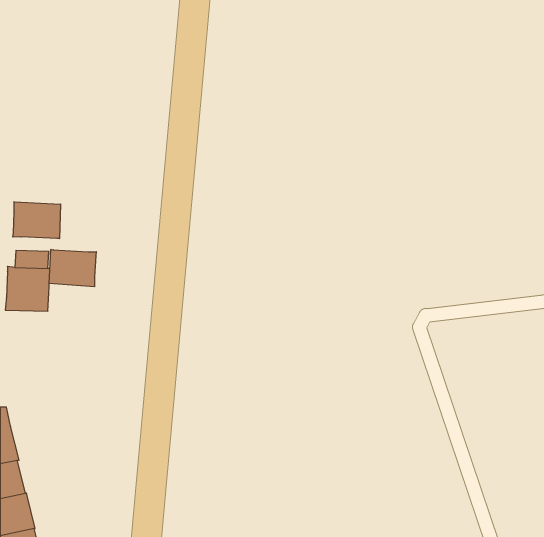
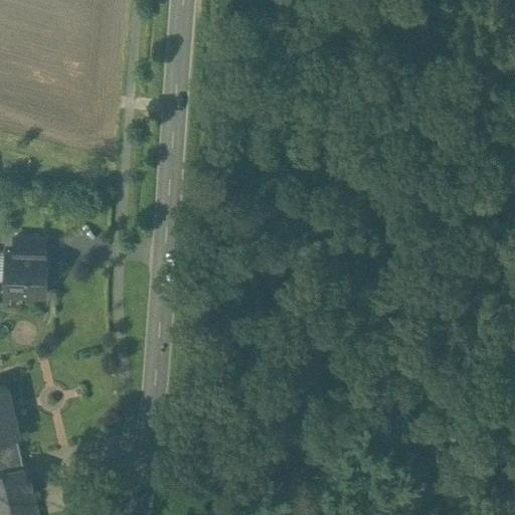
building: [13,202,61,239] -> none
building: [49,249,96,287] -> none

